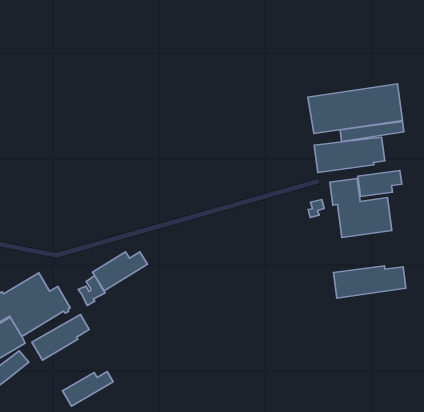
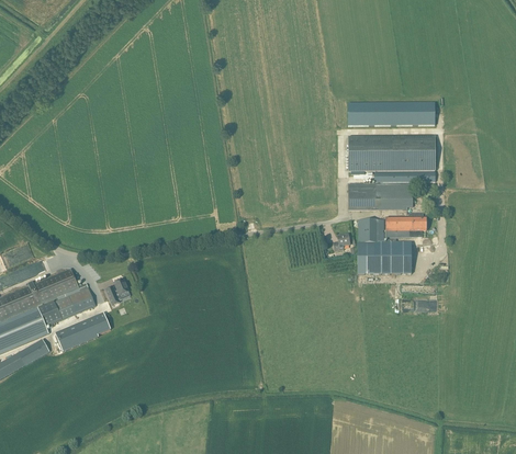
building: none -> [348,102,435,125]
building: [93,252,148,291] -> none
building: [333,266,406,298] -> none
building: [62,372,113,406] -> none

